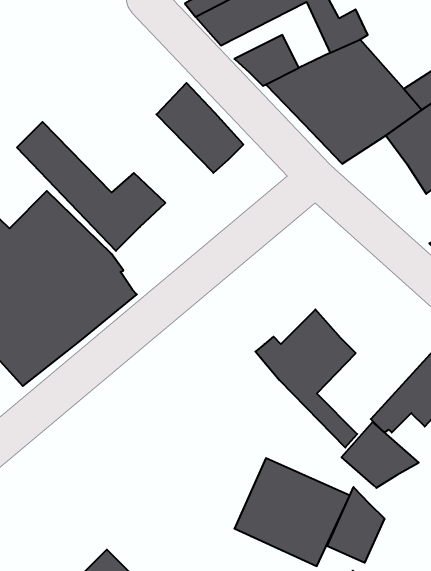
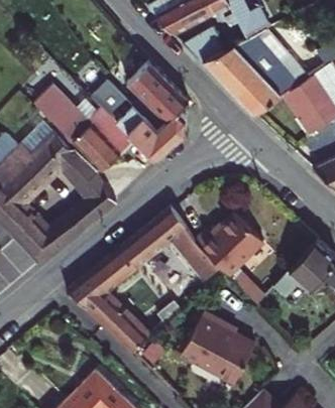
building: none -> [92,82,185,160]
building: none -> [70,209,221,356]
building: [342,422,419,488] -> none
building: [327,487,384,563] -> none

